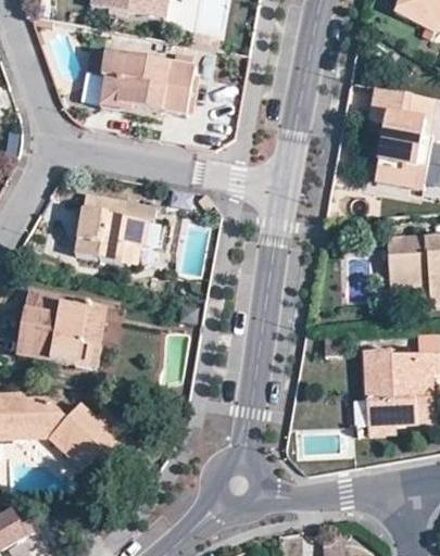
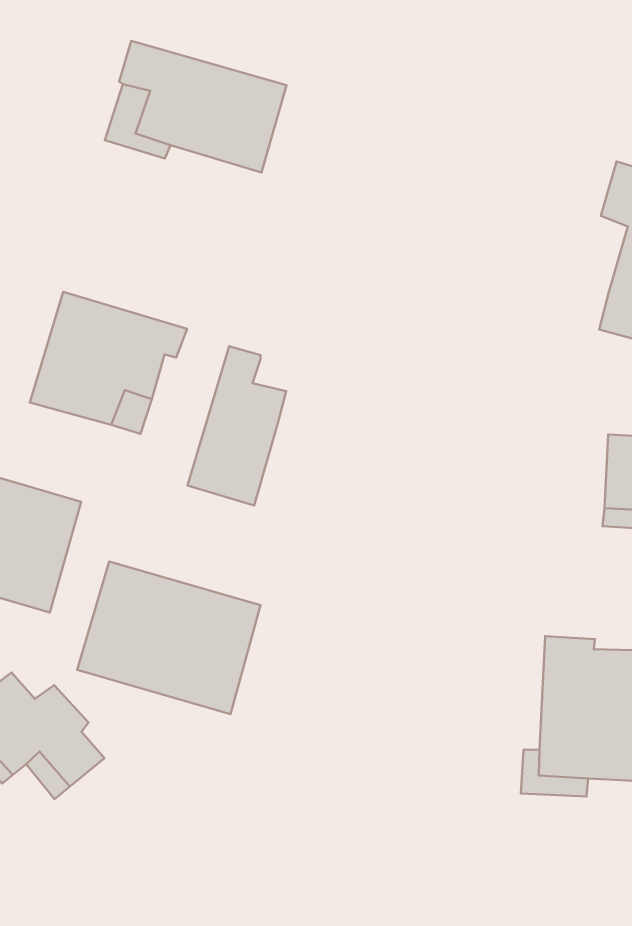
building: none -> [187,346,286,506]
building: none -> [77,562,260,714]

